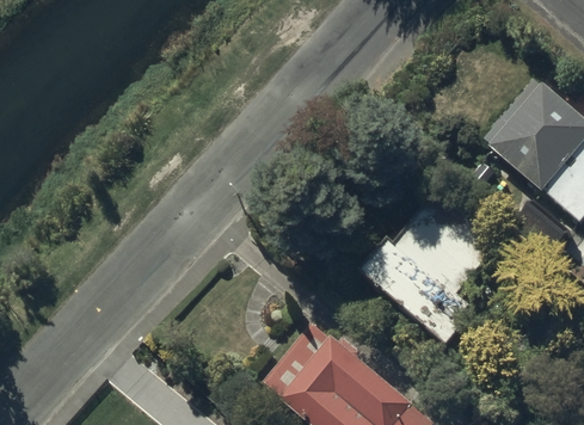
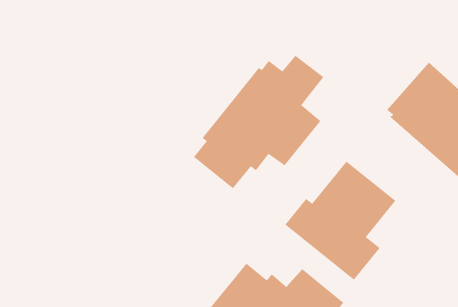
building: none -> [193,55,324,189]

